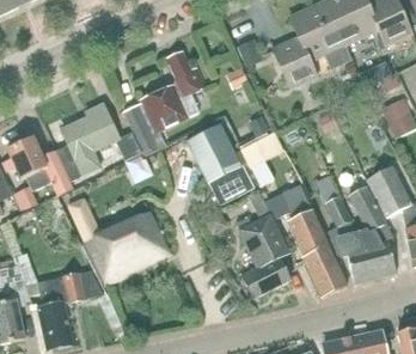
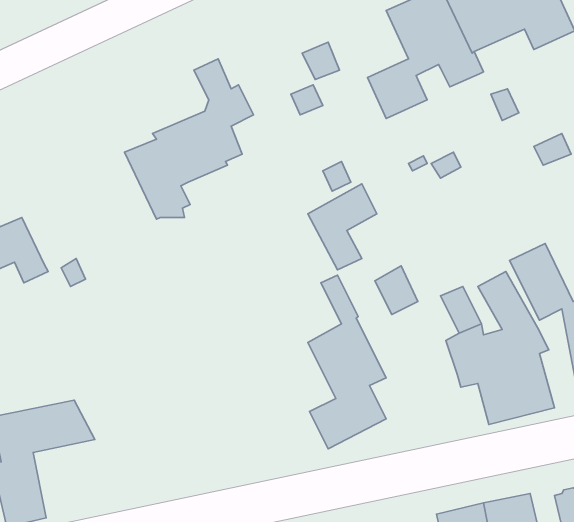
building: [56,104,141,181] -> none
building: [184,121,252,201] -> none
building: [286,208,345,297] -> none
building: [82,212,167,285] -> none

